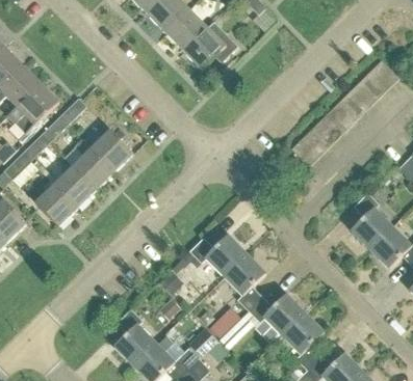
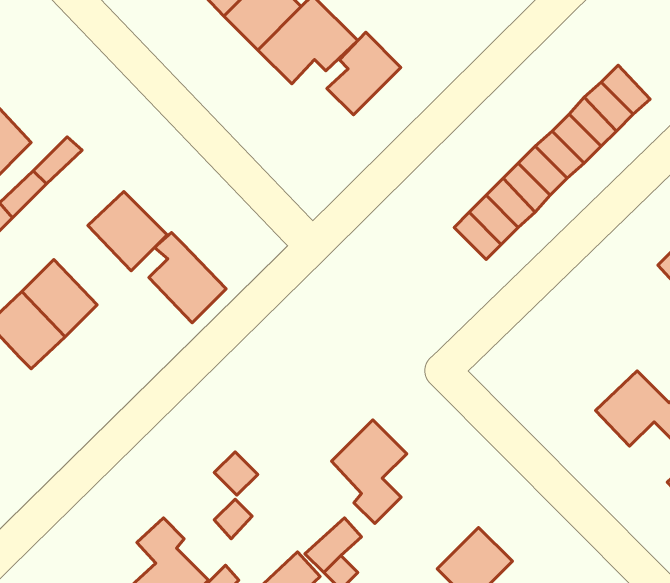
building: none -> [327,32,401,115]
building: [71,140,113,190] -> [149,232,226,323]
building: [351,192,392,248] -> none
building: [189,234,247,276] -> none
building: [248,293,305,335] -> none

